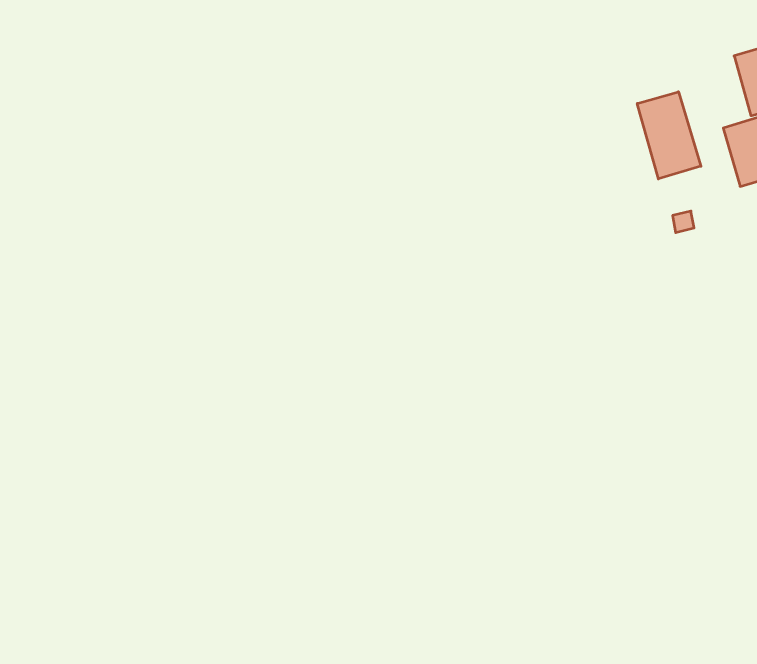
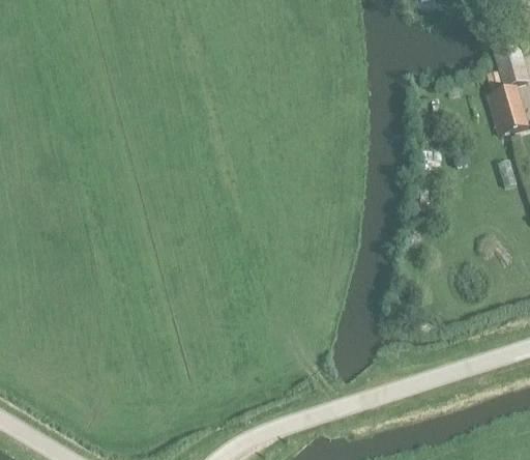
building: [637,92,701,179] -> none

